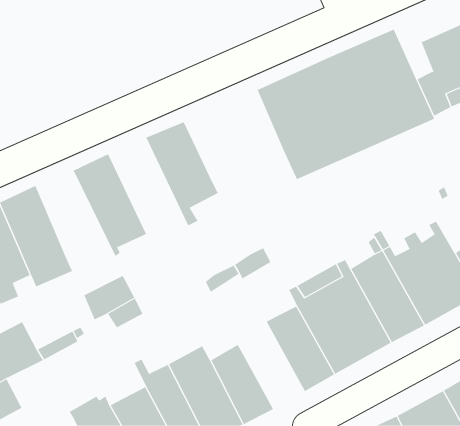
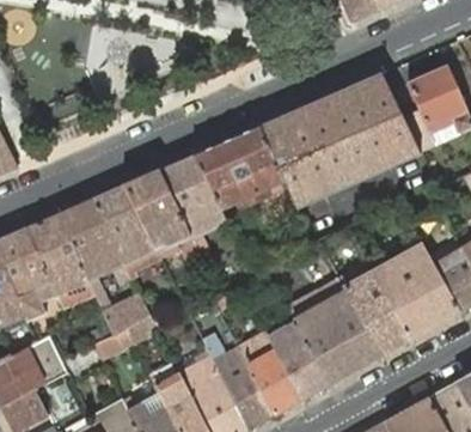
building: none -> [195,126,285,209]
building: none -> [127,169,201,261]
building: none -> [61,199,133,291]
building: none -> [240,331,304,414]

